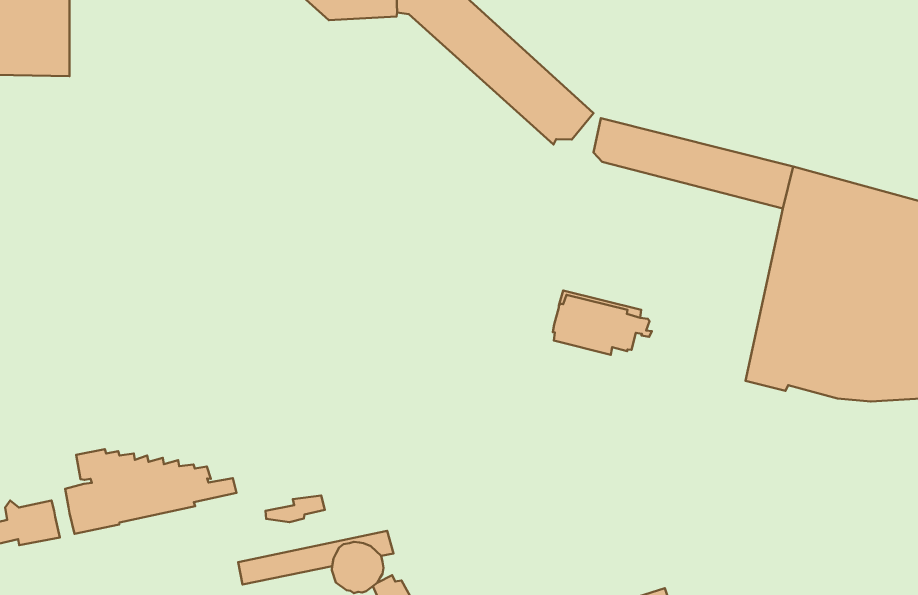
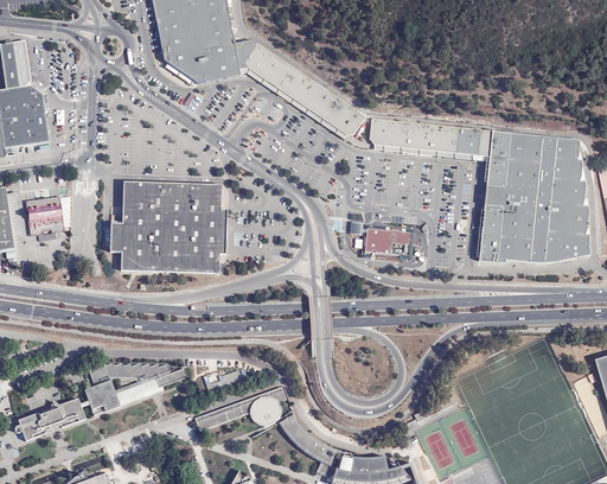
building: none -> [110,183,228,274]
building: none -> [24,197,63,236]

